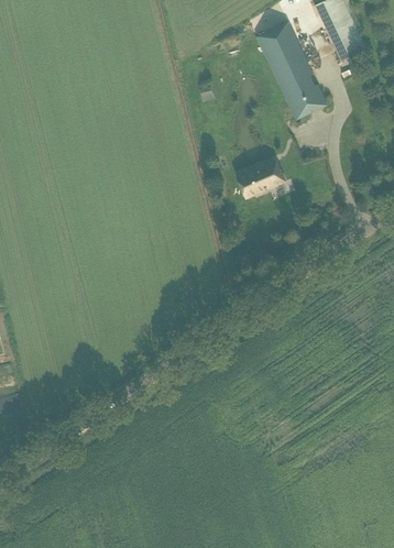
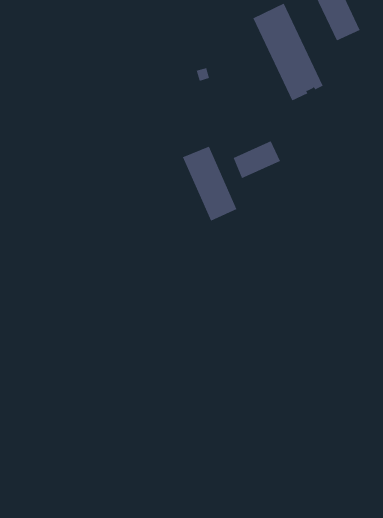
building: none -> [182,146,237,222]

